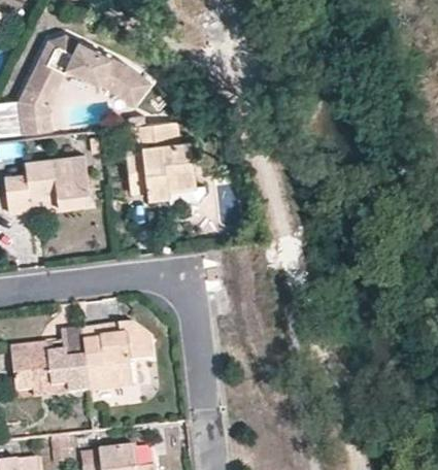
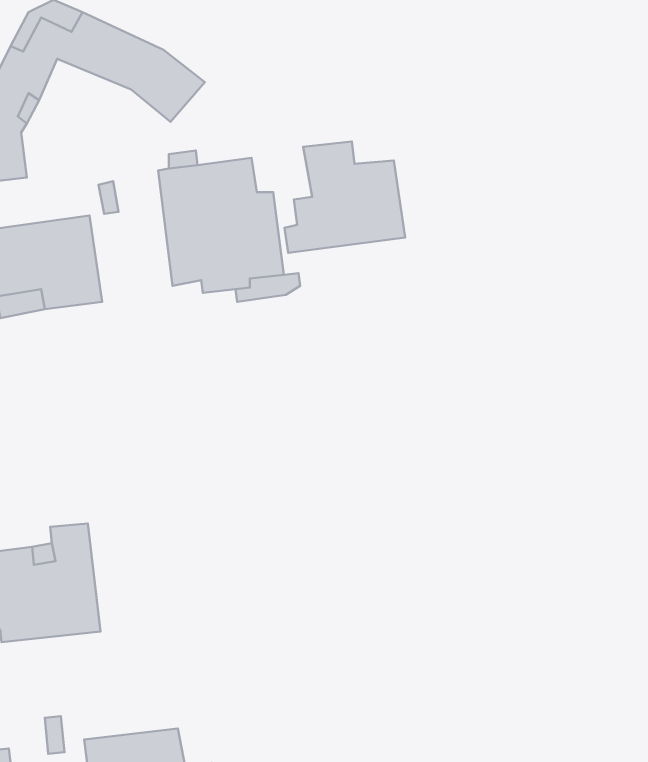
building: none -> [285,142,405,253]
building: [82,325,153,392] -> none

